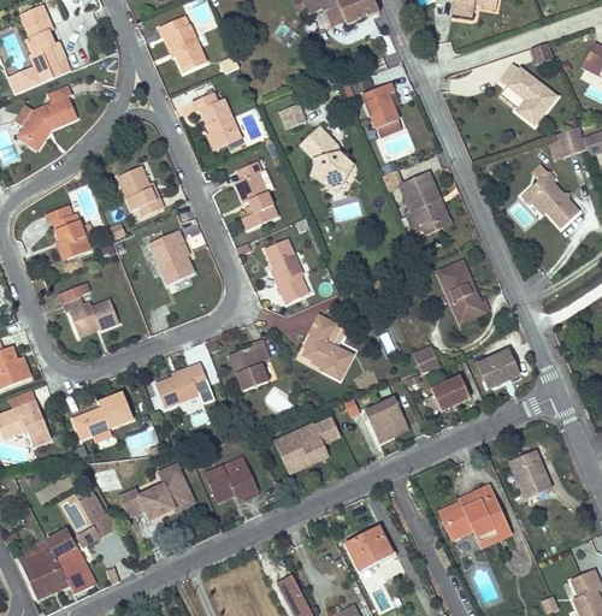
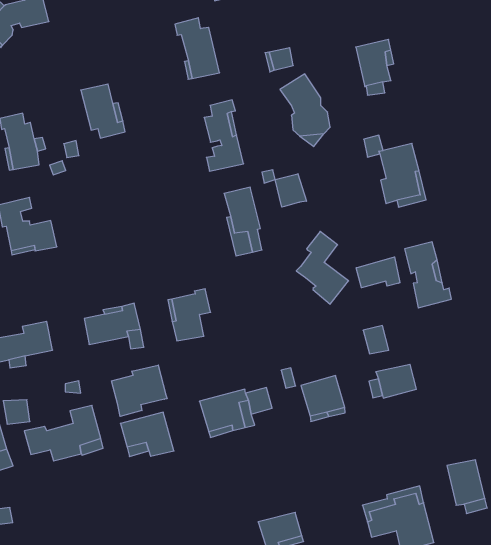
building: none -> [275,174,306,207]
building: [148,230,194,284] -> none
building: none -> [356,257,400,288]
building: [302,314,352,379] -> [296,231,349,304]
building: [478,349,514,380] -> none
building: none -> [111,365,167,416]

